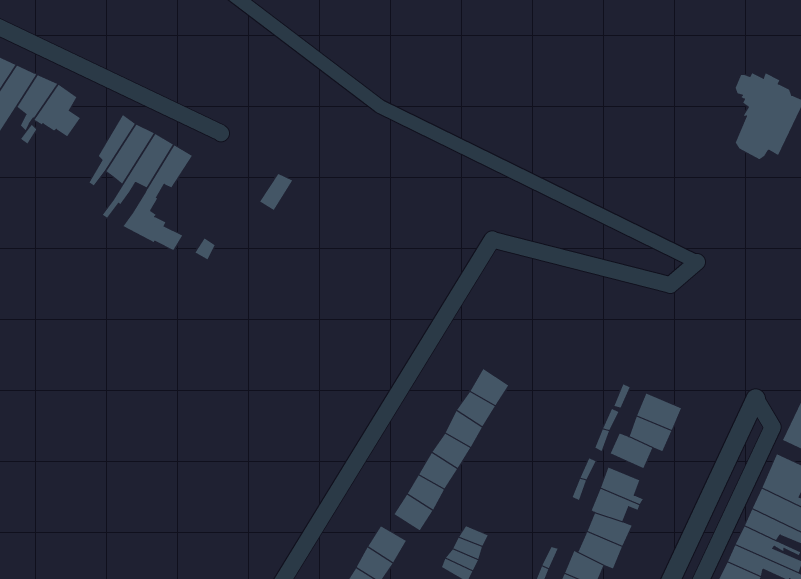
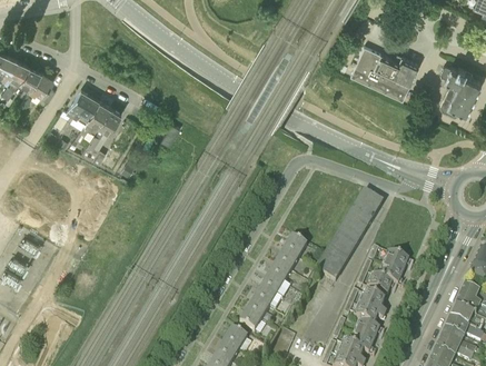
building: none -> [349,41,419,96]
building: none -> [315,189,381,279]

